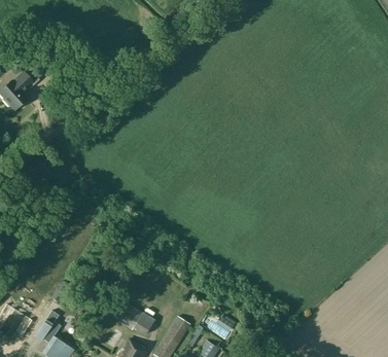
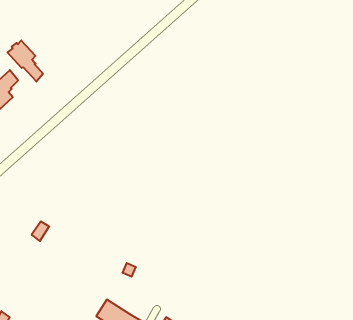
building: none -> [8,40,43,82]

